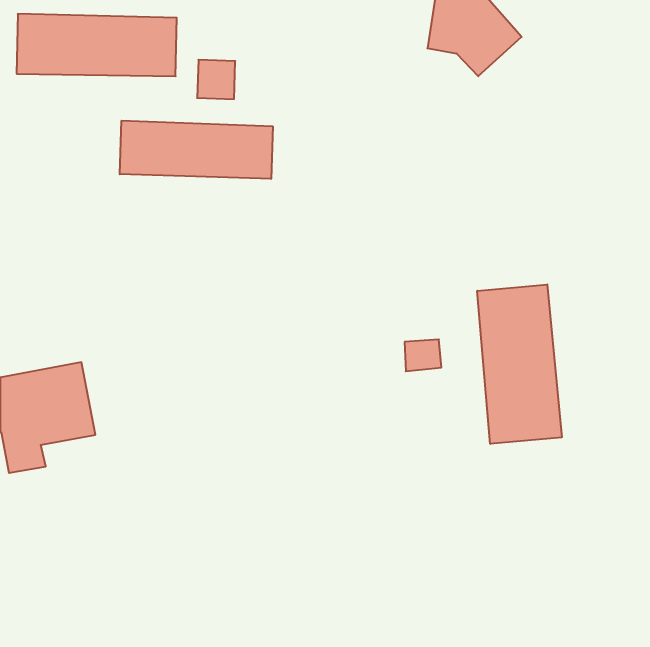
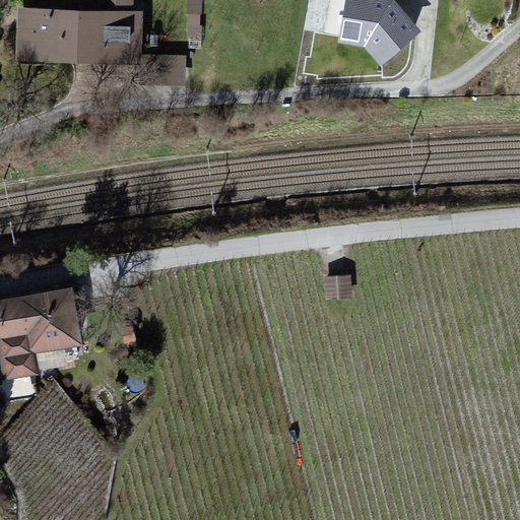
building: [120,121,273,179] -> none
building: [477,284,562,444] -> none

